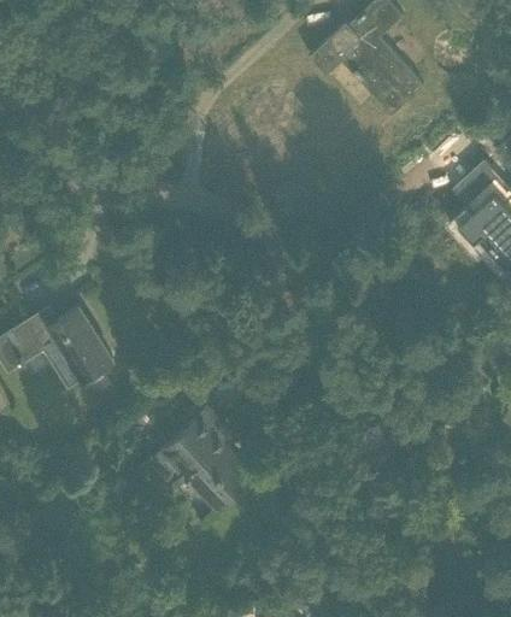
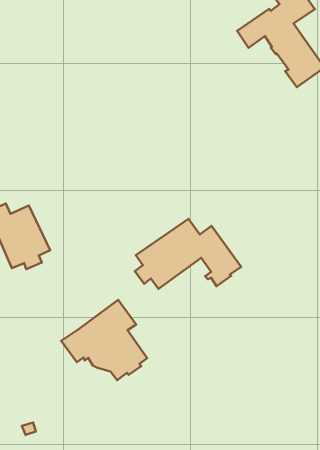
building: none -> [135,219,241,289]

